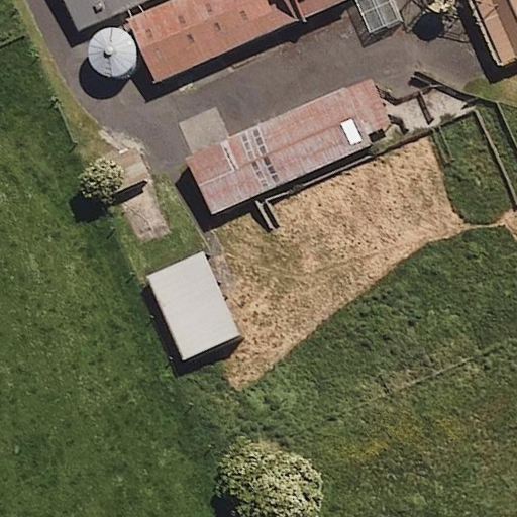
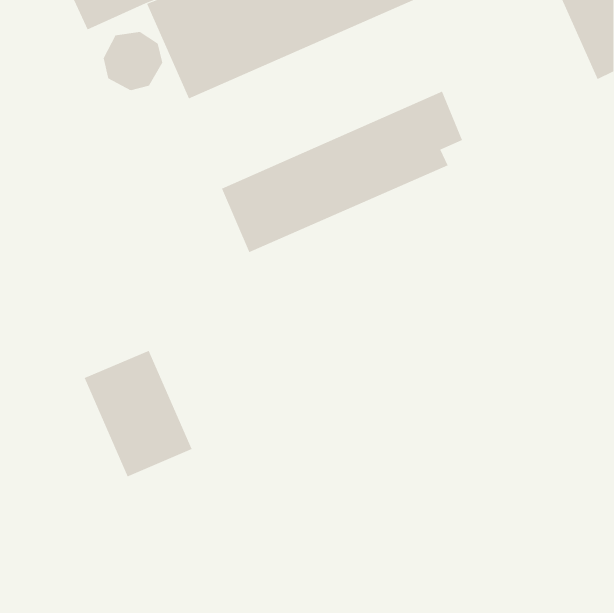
building: [150,247,241,353] -> [84,350,193,477]

